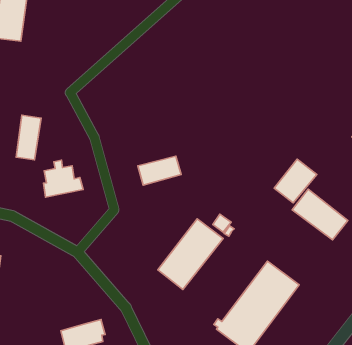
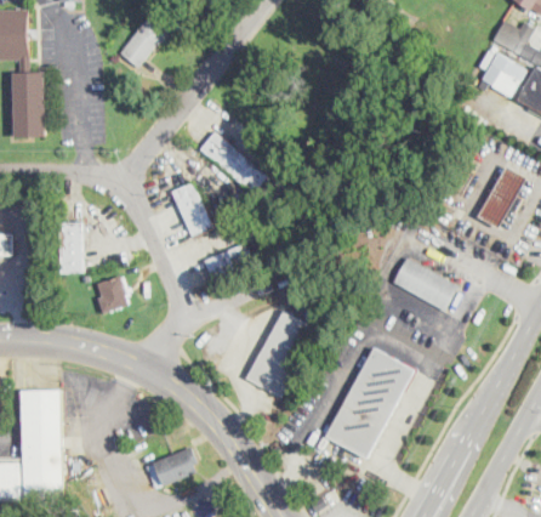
building: none -> [199,132,266,194]
building: none -> [170,183,211,238]
building: [274,159,317,203] -> none

